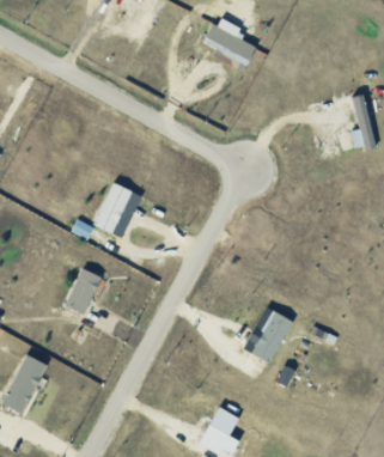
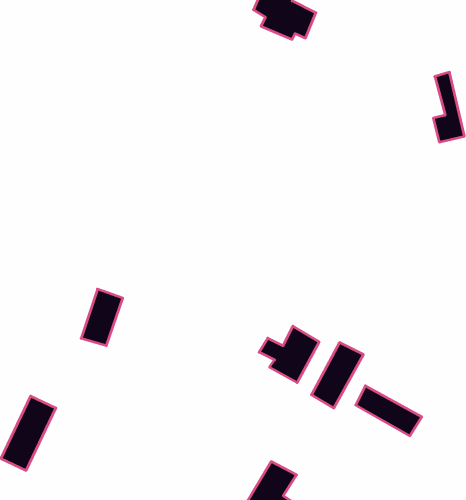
building: [93,182,133,233] -> none
building: none -> [259,326,319,383]
building: none -> [356,386,422,436]

